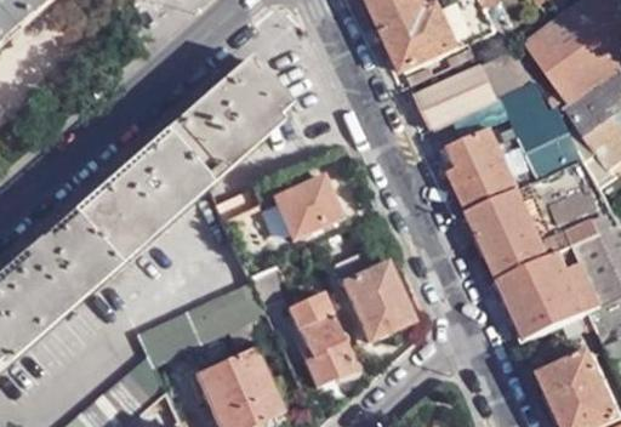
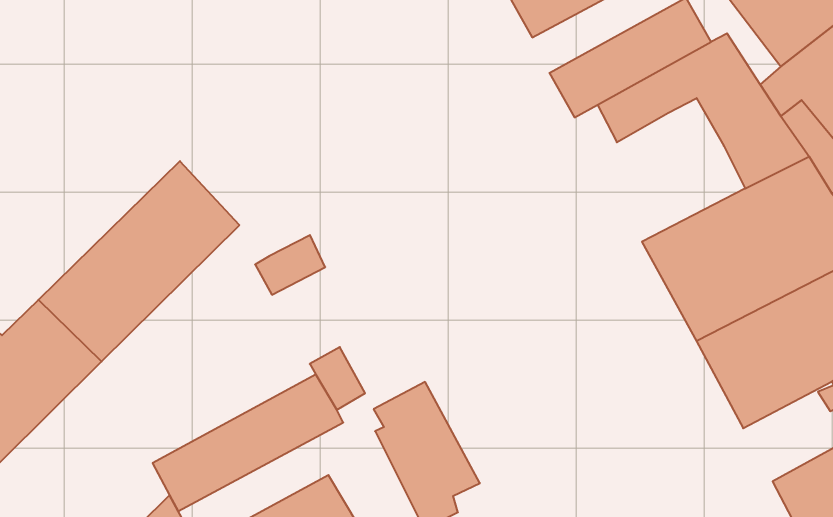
building: [167,59,287,180] -> none
building: [441,125,539,209] -> none
building: [270,177,337,240] -> none
building: [331,251,410,341] -> none

